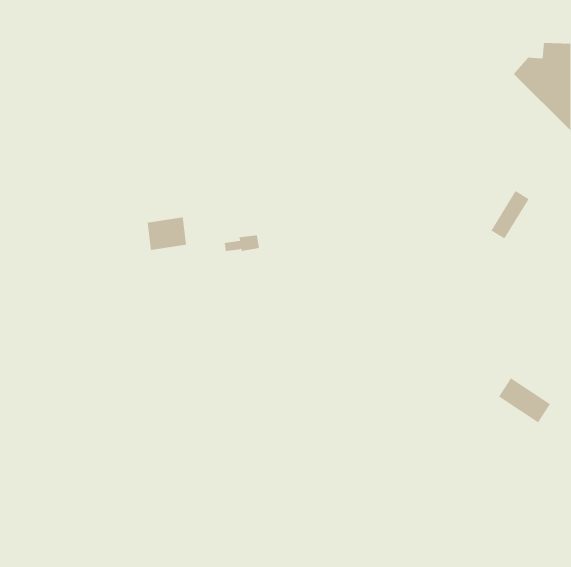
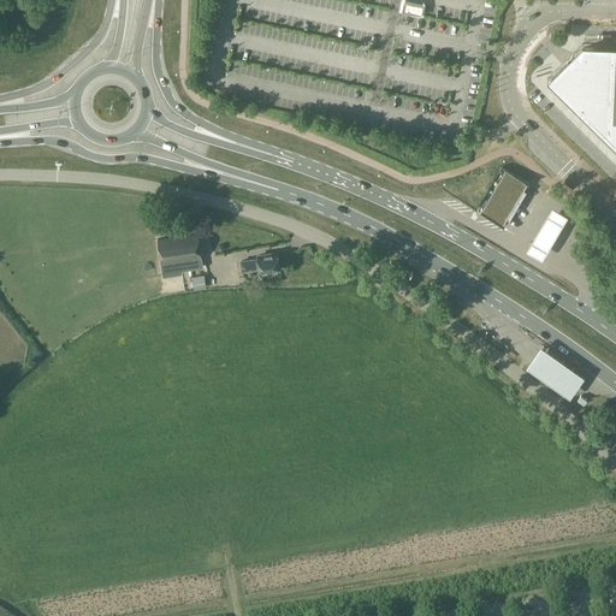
building: none -> [479,176,528,231]
building: [498,377,551,423] -> [528,350,585,399]

